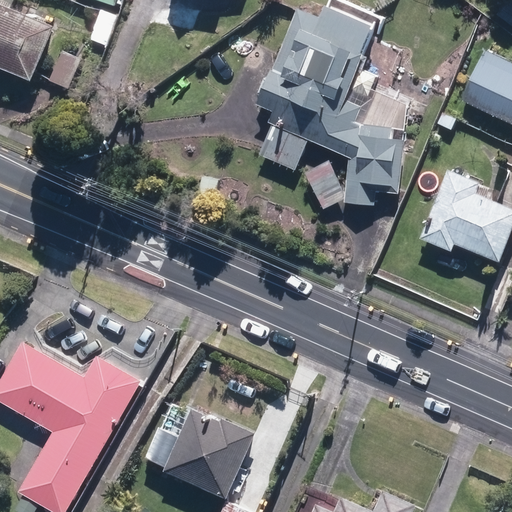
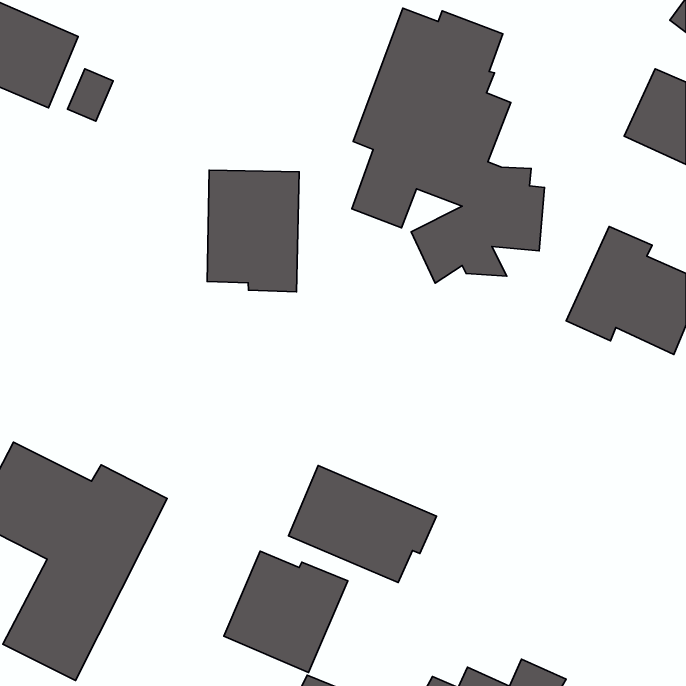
building: none -> [207,170,299,292]
building: none -> [289,466,437,583]

